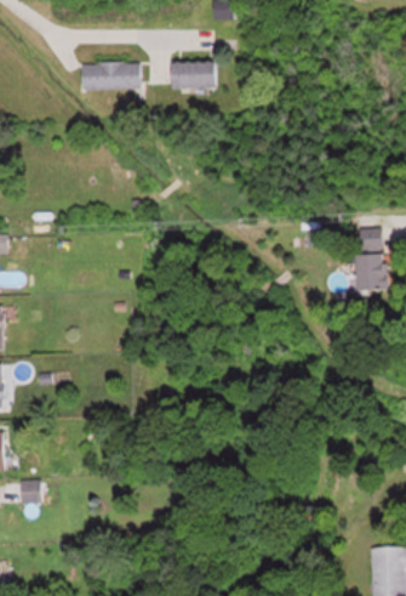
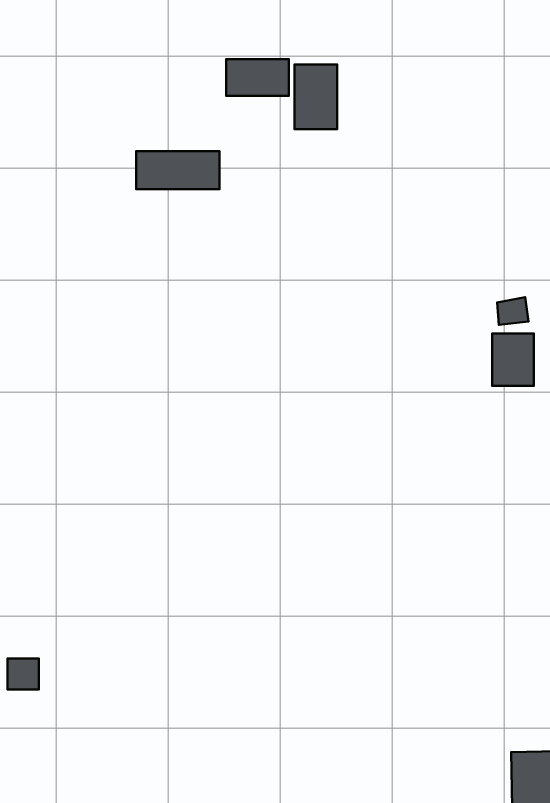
building: [81,62,139,89] -> [136,151,219,189]
building: none -> [295,65,337,129]

